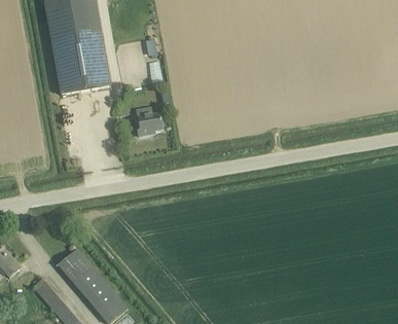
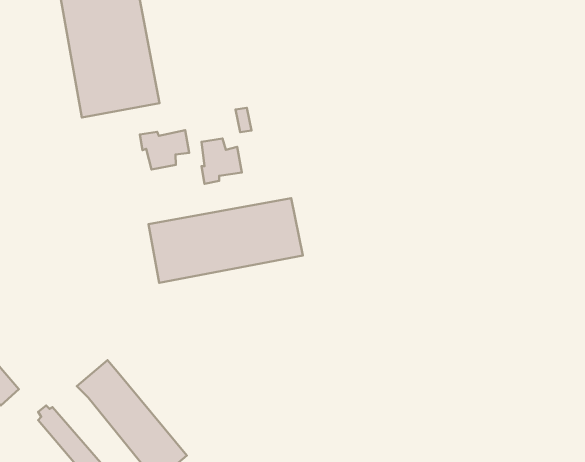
building: none -> [140,130,189,170]
building: none -> [148,198,303,283]

